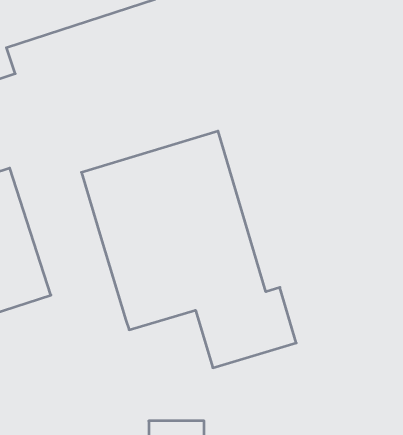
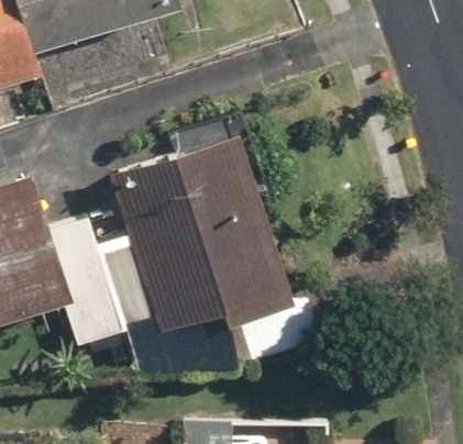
building: none -> [49,221,150,353]

